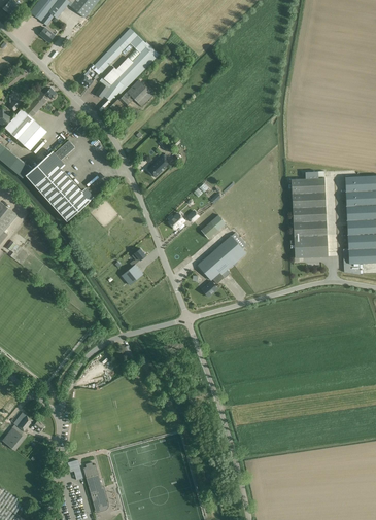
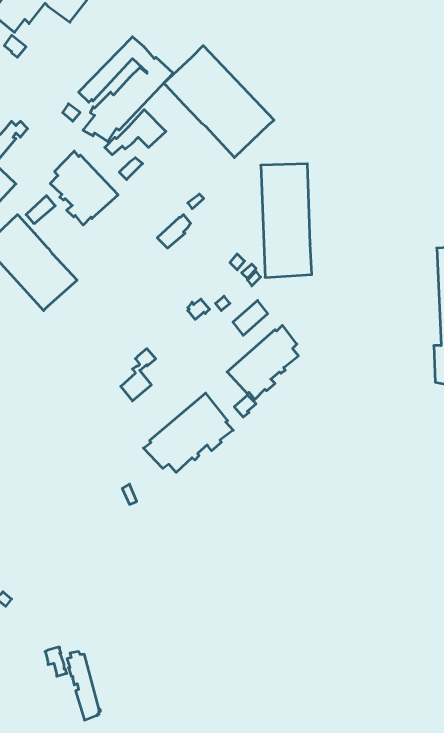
building: none -> [164,46,274,158]
building: none -> [50,151,118,225]
building: [290,177,327,257] -> [261,164,312,277]
building: none -> [143,393,233,472]

